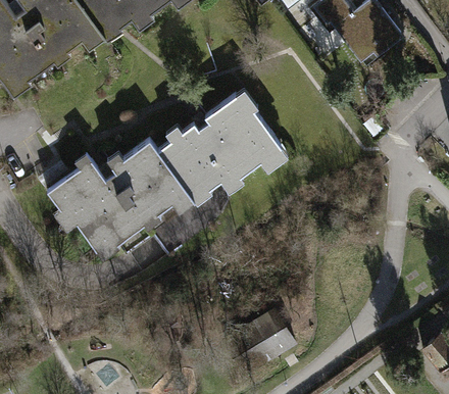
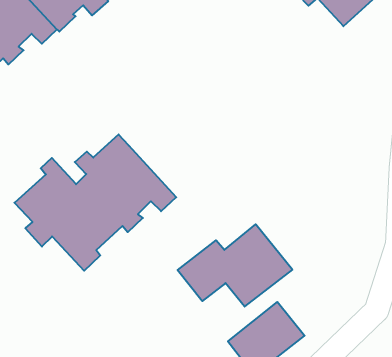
building: [156,89,287,205] -> none
building: none -> [178,224,292,307]

